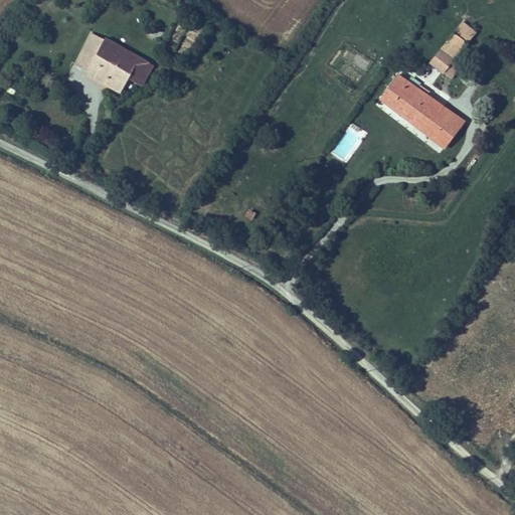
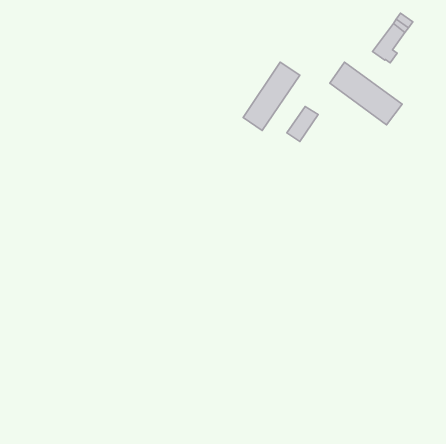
building: [73,32,153,94] -> none
building: none -> [243,62,300,131]

